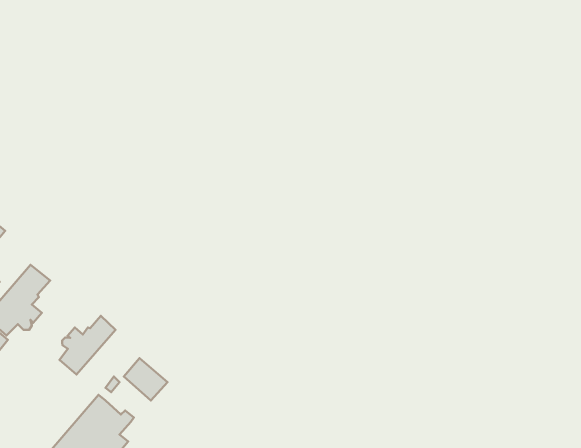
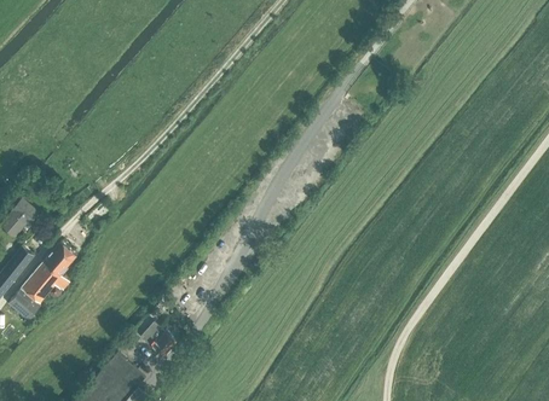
building: [60,316,115,375] -> none

